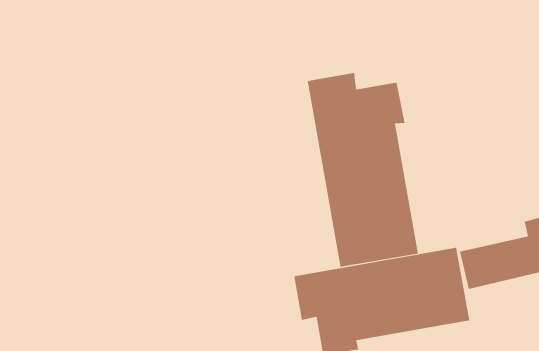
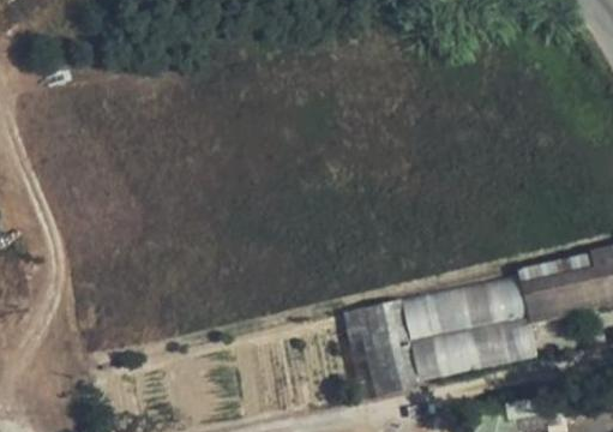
building: [307,72,418,267] -> none

